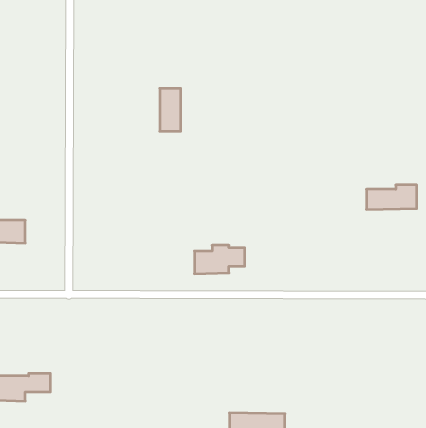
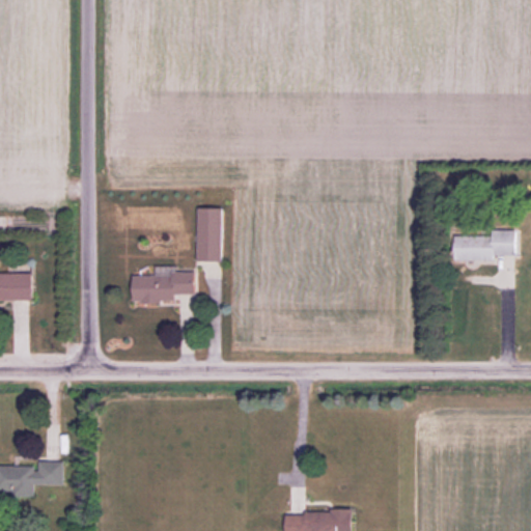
building: [160,88,181,131] -> [195,209,221,262]
building: [194,245,245,274] -> [132,270,194,305]

